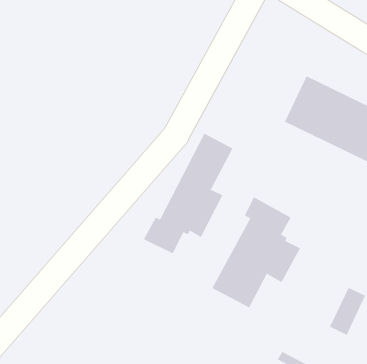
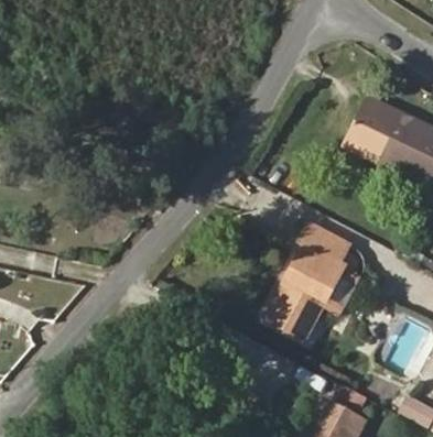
building: [143,133,233,254] -> none

